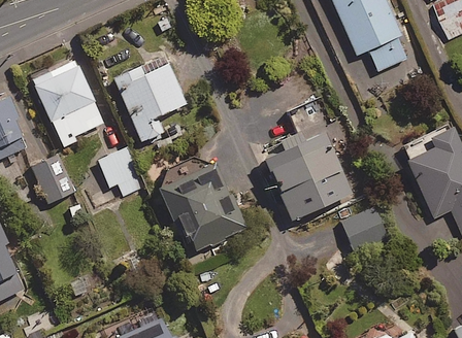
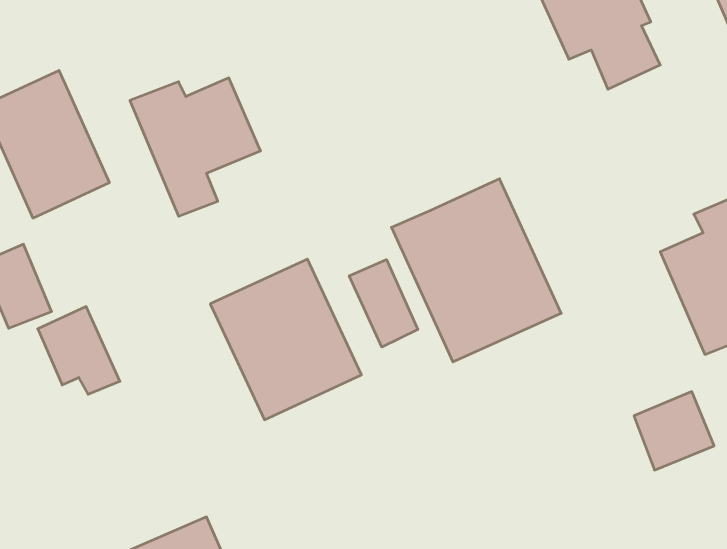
building: [97,145,142,194] -> [38,307,120,394]
building: none -> [349,260,418,347]
building: [342,207,387,250] -> [634,392,714,470]

